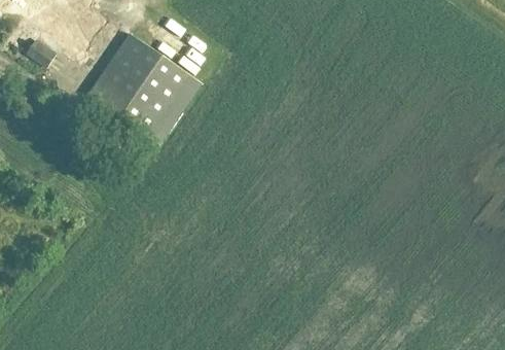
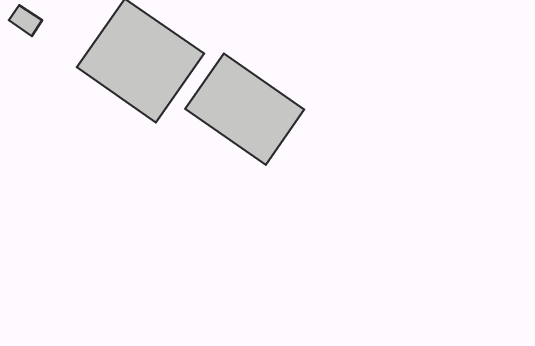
building: none -> [185,53,304,165]

